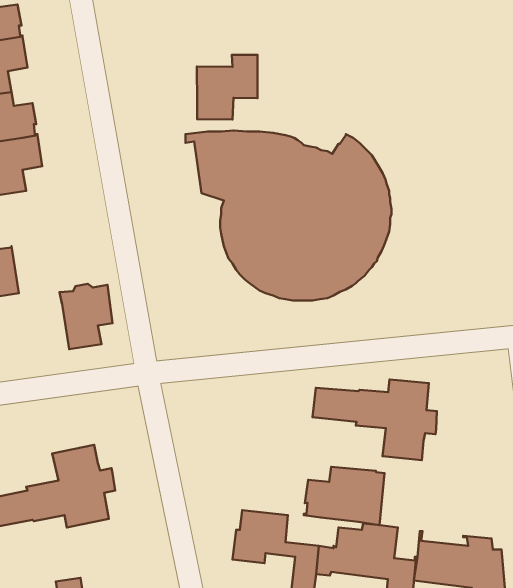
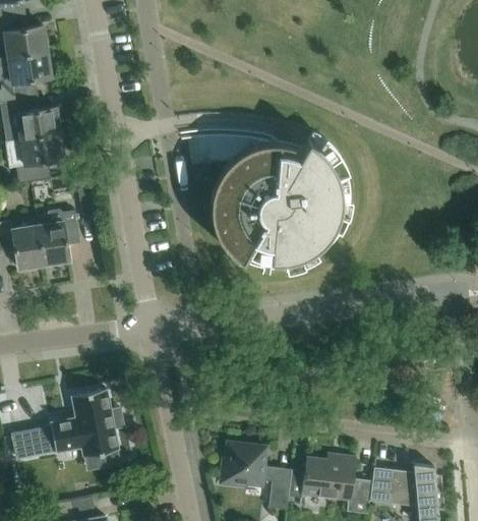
building: [197,55,258,119] -> none
building: [59,284,113,349] -> [36,210,79,264]
building: [313,379,437,460] -> none
building: [304,467,384,525] -> none

